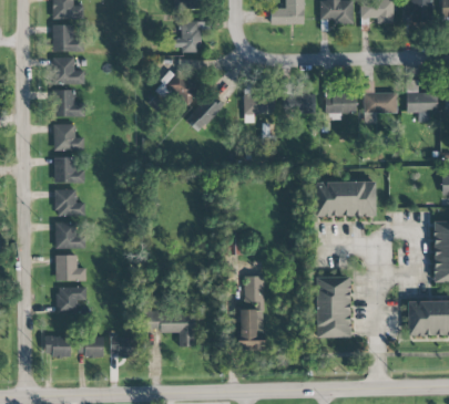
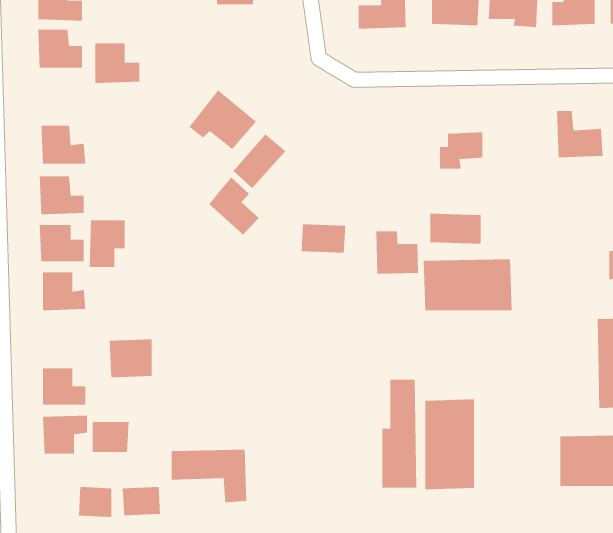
building: [173,21,203,52] -> none
building: [53,56,84,84] -> [95,43,140,83]
building: [363,80,397,113] -> none
building: [244,94,275,114] -> [301,224,346,253]
building: [280,94,316,115] -> [429,213,482,244]
building: none -> [209,177,259,236]
building: none -> [89,220,125,268]
building: none -> [376,231,418,274]
building: [54,221,84,248] -> [109,339,153,378]
building: [241,276,265,350] -> [381,379,417,488]
building: [45,335,71,356] -> [92,421,129,452]

